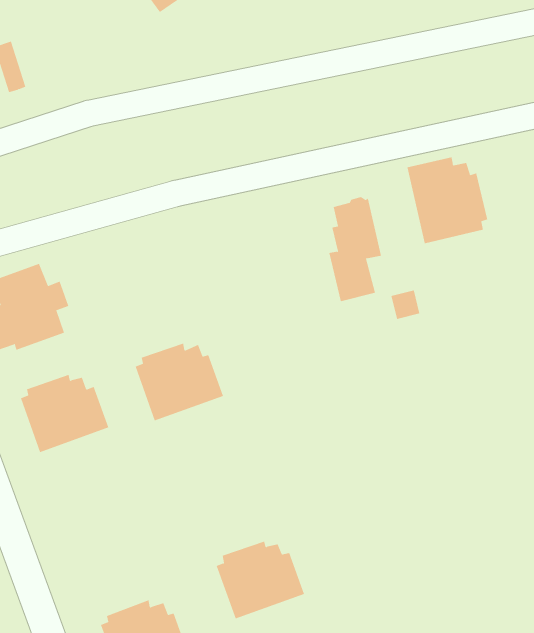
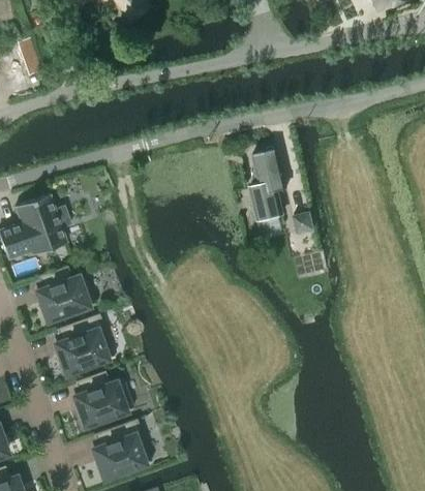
building: [407,156,488,244] -> none
building: [135,343,224,421] -> [53,325,115,379]
building: [216,541,305,619] -> [71,377,133,432]

